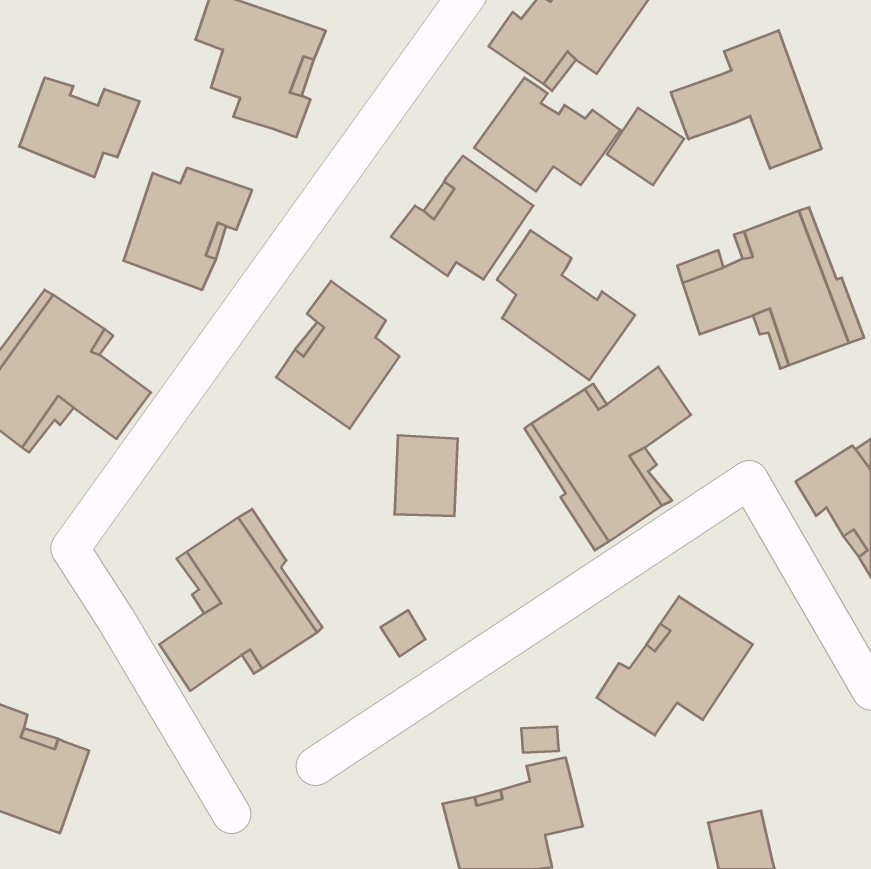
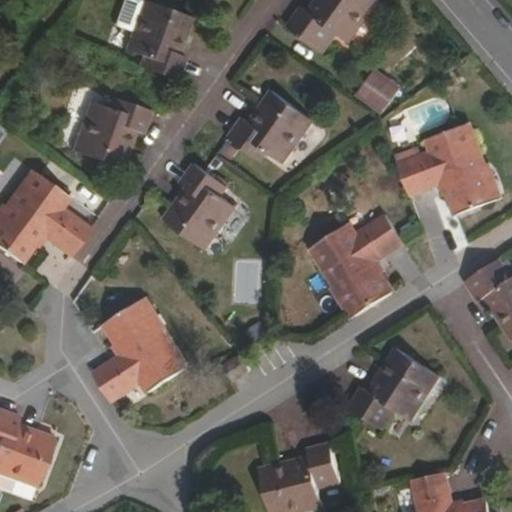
building: [671,30,821,169] -> none
building: [19,78,139,177] -> none
building: [474,78,620,191] -> none
building: [497,230,635,380] -> none

